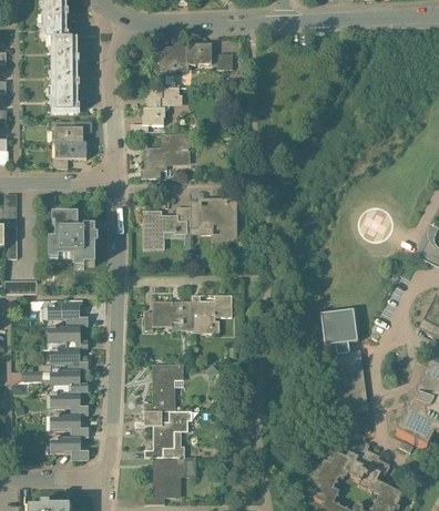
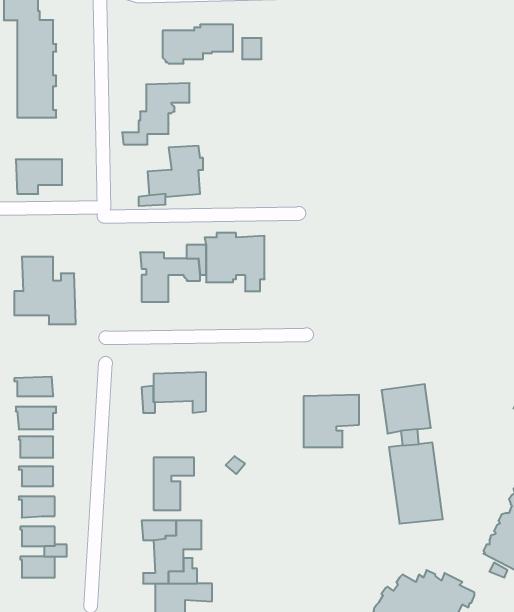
building: [51,121,92,143] -> none
building: [192,294,233,333] -> [304,395,359,447]

